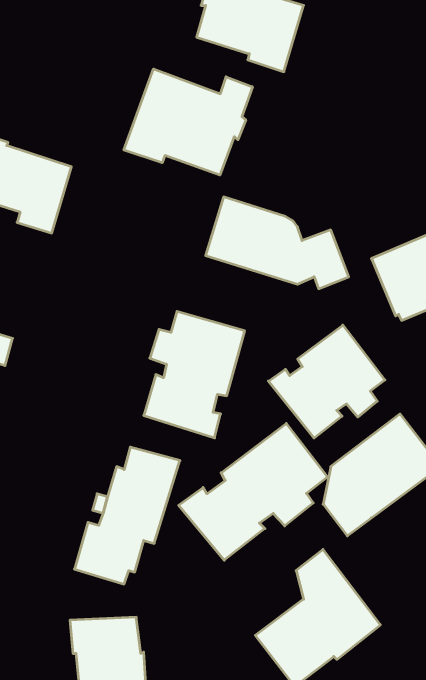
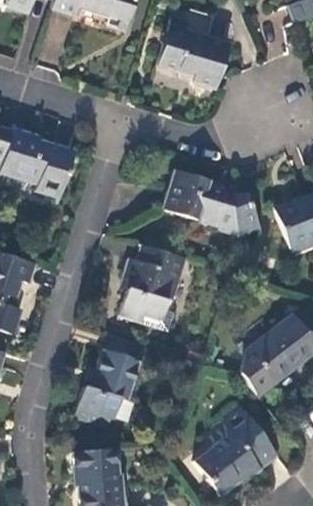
building: [124,69,252,175] -> none
building: [268,325,385,438] -> none
building: [179,423,328,560] -> none

